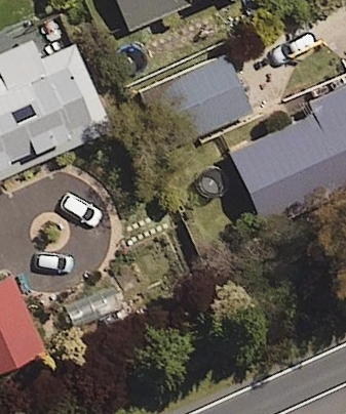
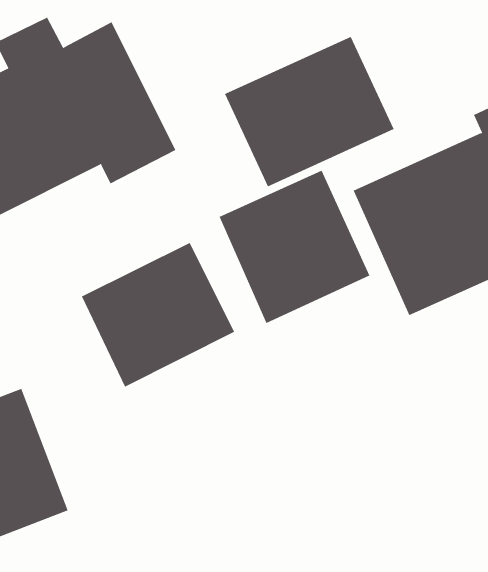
building: none -> [219,170,370,324]
building: none -> [81,242,235,387]

